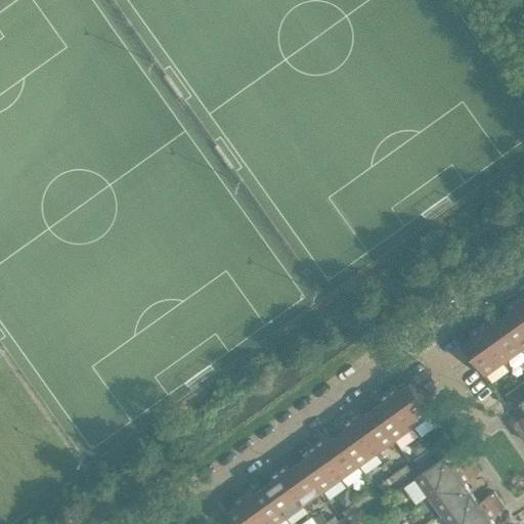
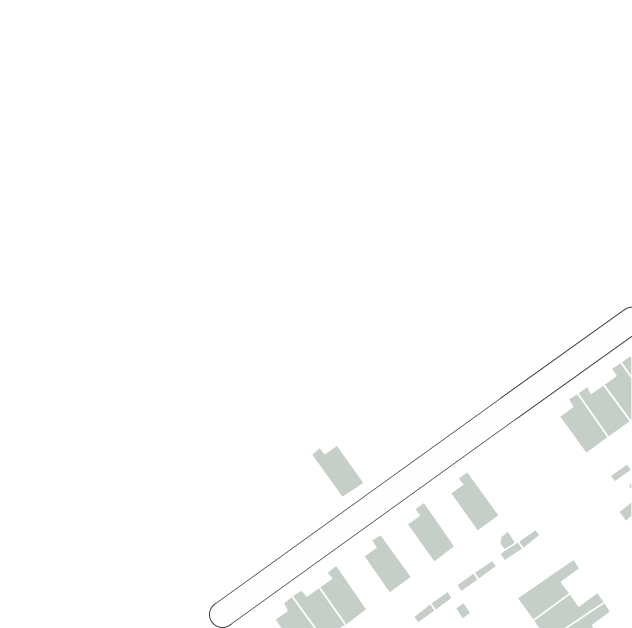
building: [387,386,432,430] -> none
building: [351,411,395,455] -> none
building: [315,437,359,481] -> [311,445,364,498]
building: [414,457,475,498] -> none
building: [278,464,322,508] -> none

